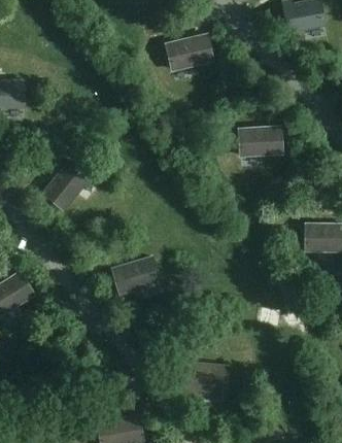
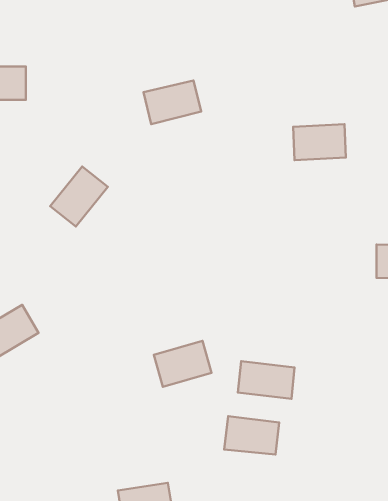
building: [166,36,212,71] -> [144,81,201,124]
building: [113,258,160,295] -> [154,341,211,387]
building: none -> [238,361,295,399]

